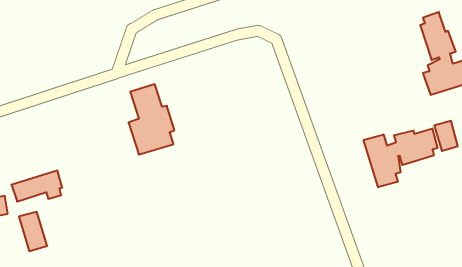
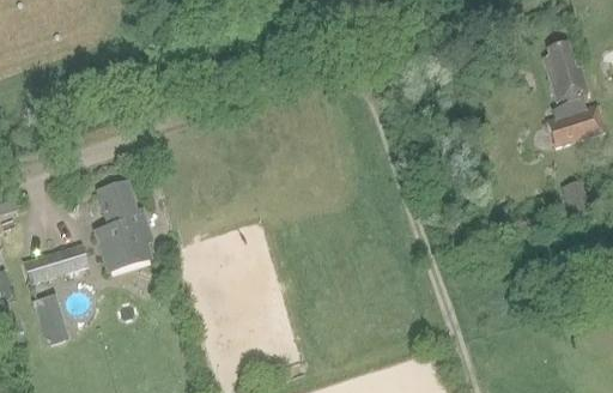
building: [128,84,174,155] -> [93,180,152,270]
building: [364,128,438,187] -> none

